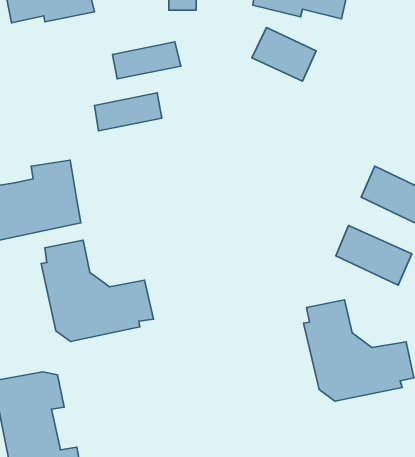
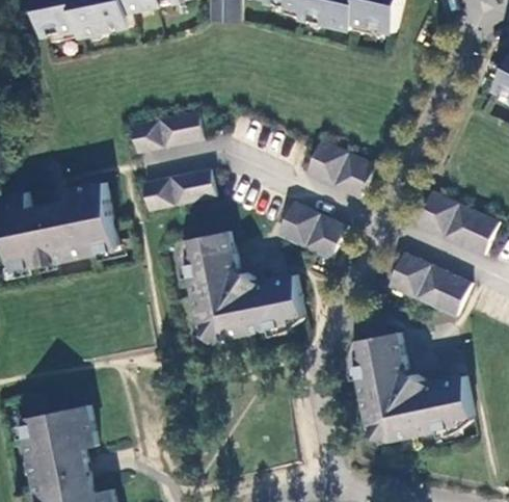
building: [252,27,316,81] -> [305,139,374,196]
building: [112,42,181,79] -> [142,169,215,209]
building: none -> [277,201,346,258]
building: [41,240,153,342] -> [185,231,304,339]

